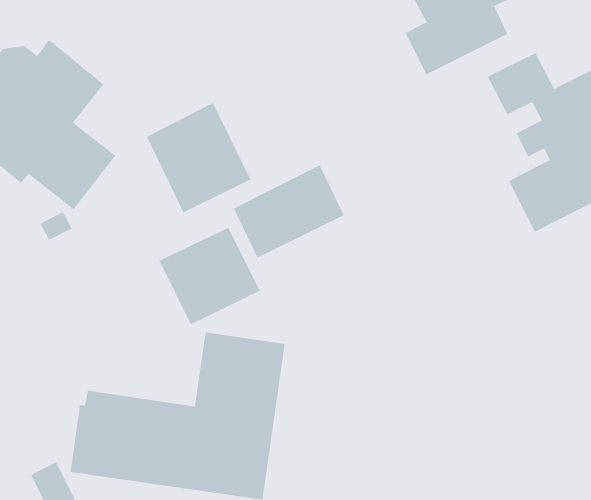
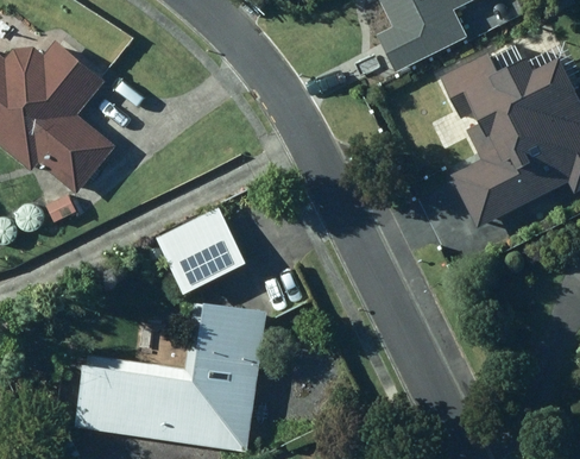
building: [146,102,251,213] -> none
building: [233,165,345,258] -> none

